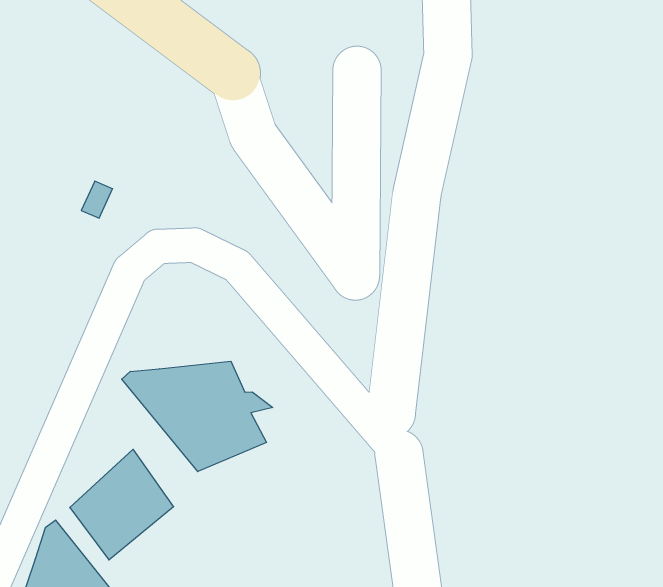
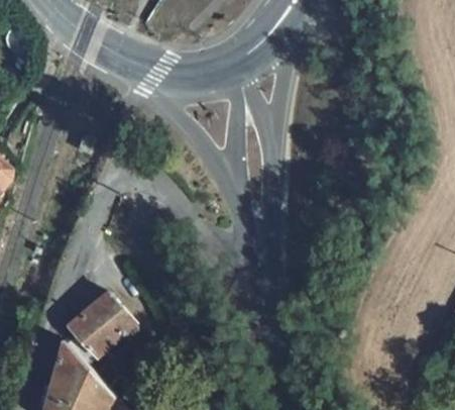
building: [122,361,273,472] -> none

